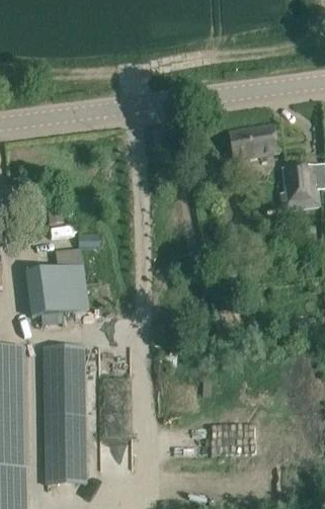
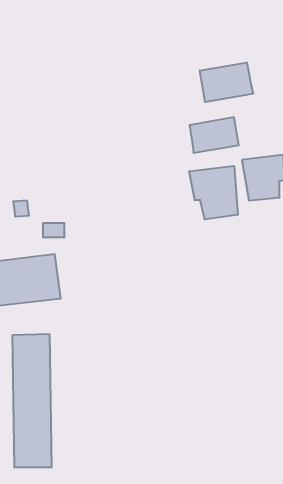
building: none -> [200,62,253,102]
building: none -> [189,166,238,220]

